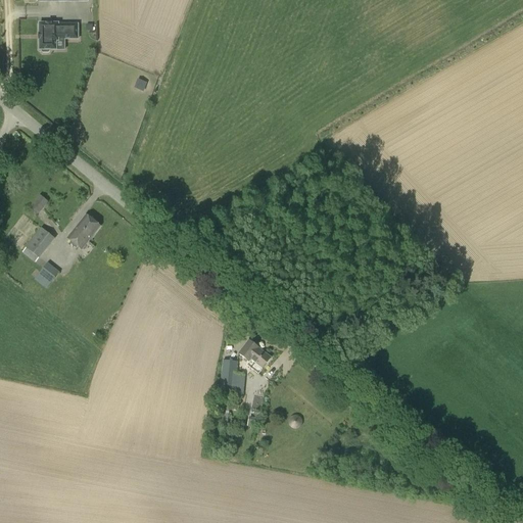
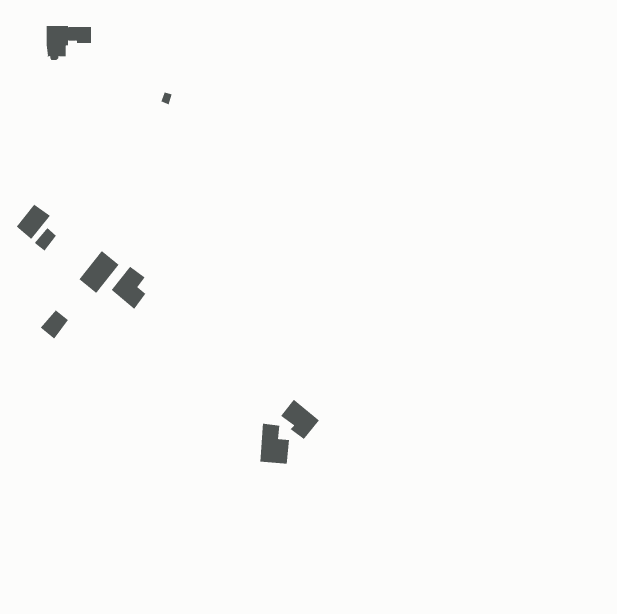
building: none -> [111,266,146,310]
building: [26,226,55,256] -> [16,204,51,240]

